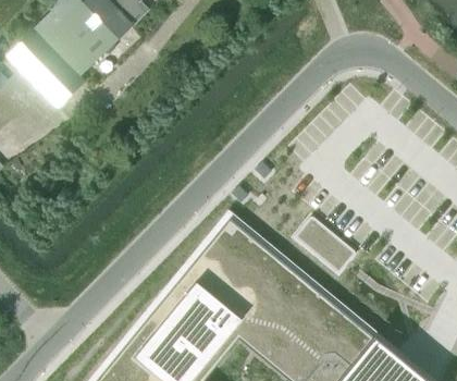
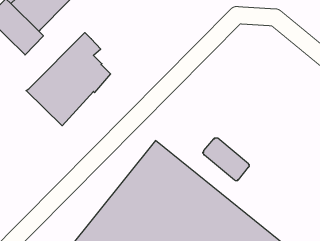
building: none -> [26,33,111,126]

